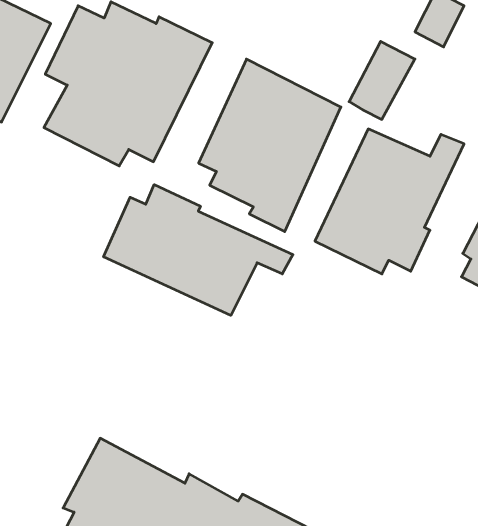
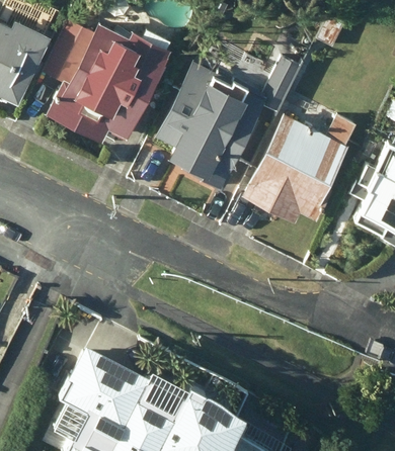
building: [104,185,293,315] -> none

